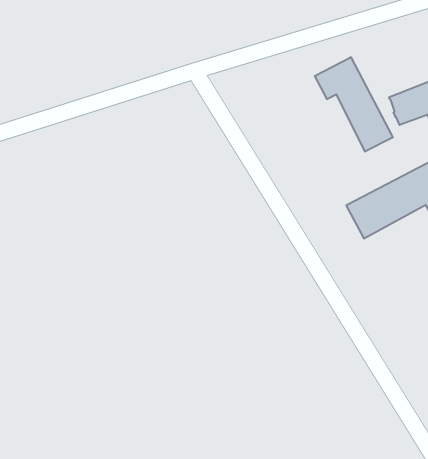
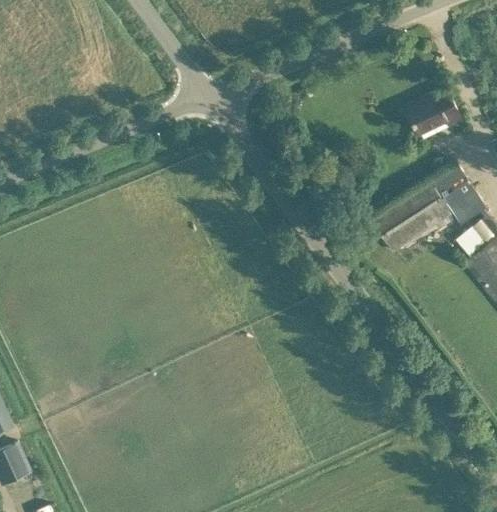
building: [315,57,393,152] -> none

